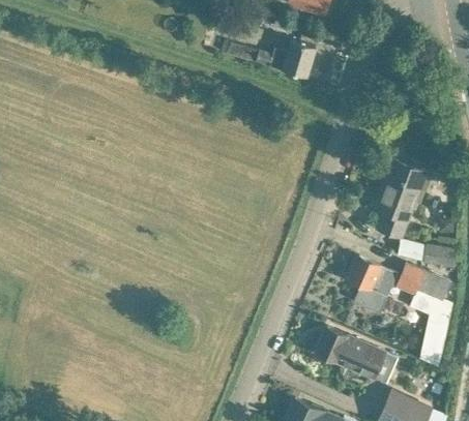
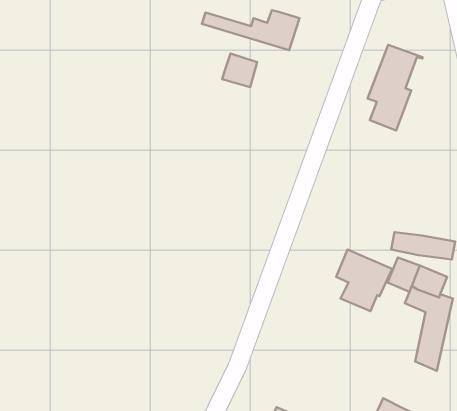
building: none -> [222,53,257,87]
building: [376,160,426,238] -> [368,45,423,131]
building: [316,327,397,384] -> none

